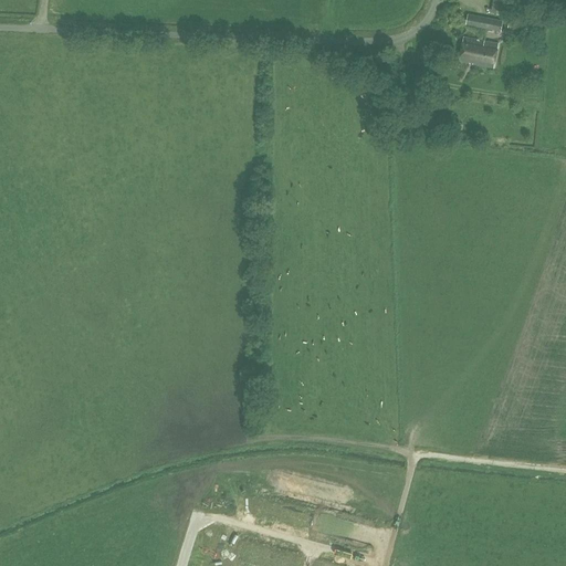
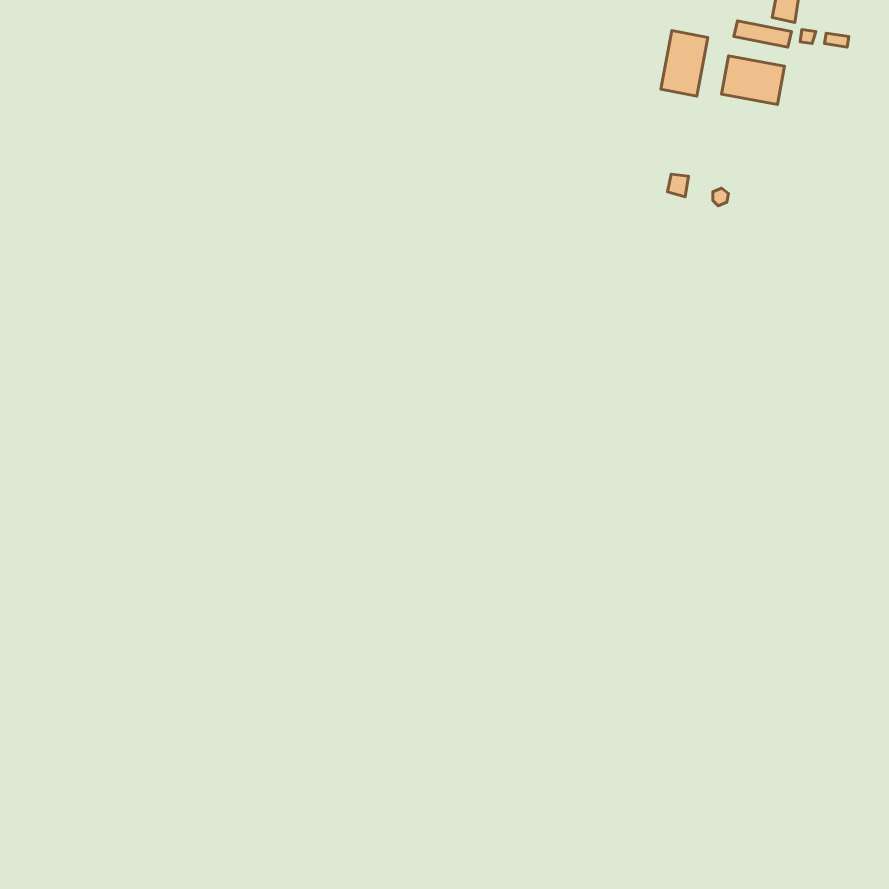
building: none -> [661,30,708,96]

